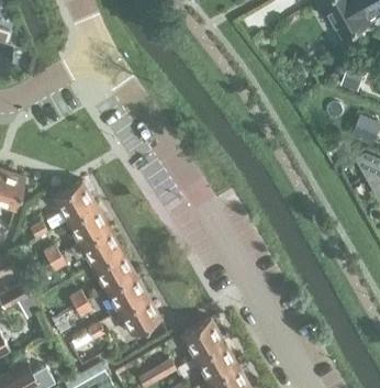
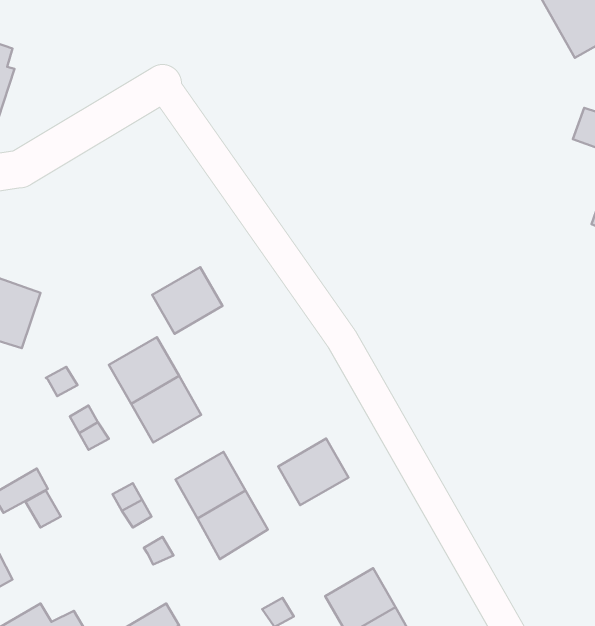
building: [53,181,94,221] -> [152,267,222,334]
building: [92,251,134,289] -> none
building: [181,319,223,358] -> [278,439,348,505]

